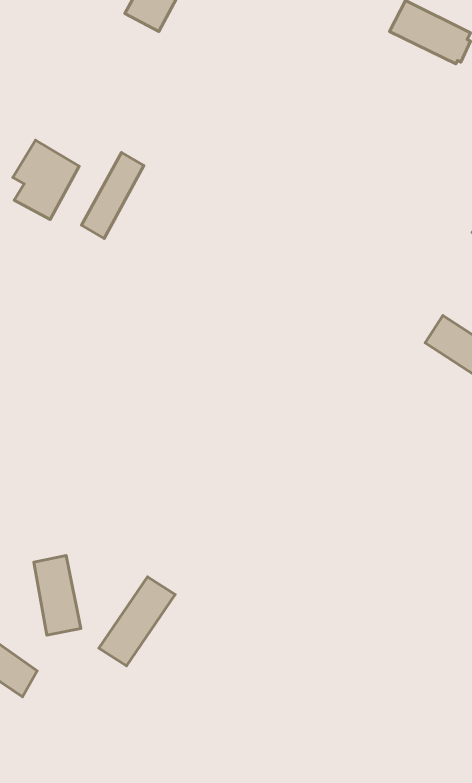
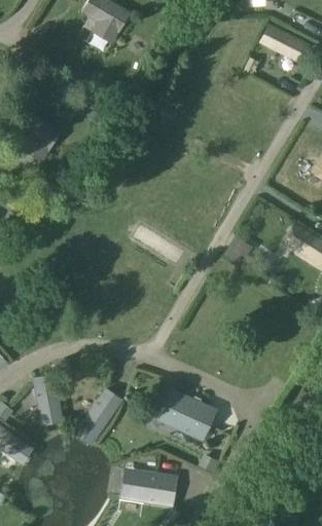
building: [82,152,144,238] -> none
building: none -> [158,389,216,441]
building: none -> [121,467,178,505]

